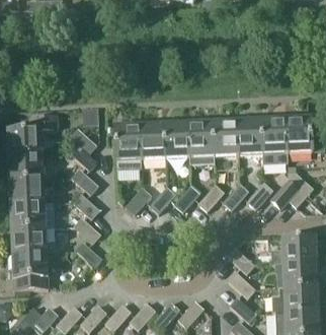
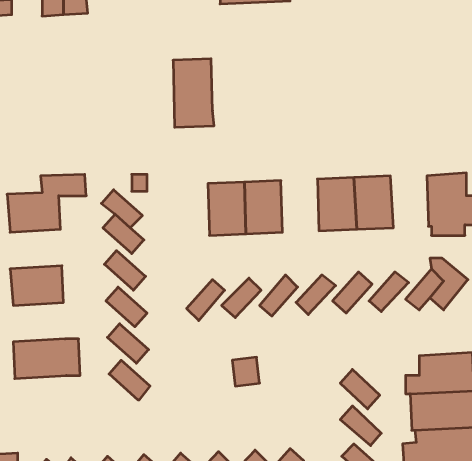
building: [261,119,288,172] -> none
building: [188,121,215,164] -> none
building: [114,124,142,170] -> [173,59,214,127]
building: [8,154,43,181] -> none
building: [10,203,45,229] -> none
building: [11,252,47,290] -> none

